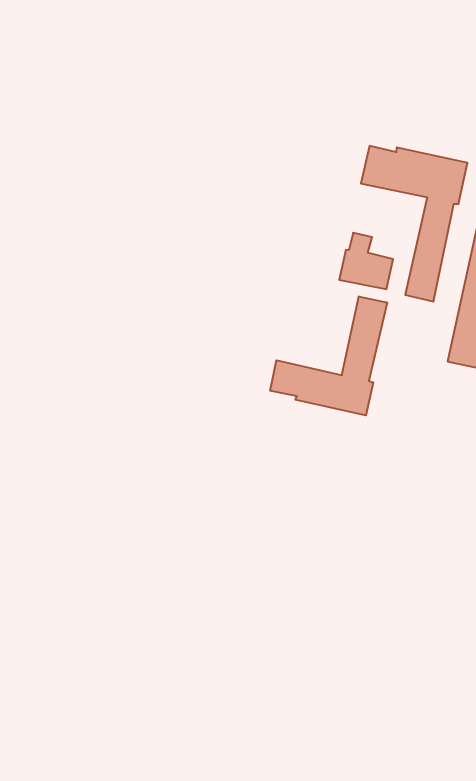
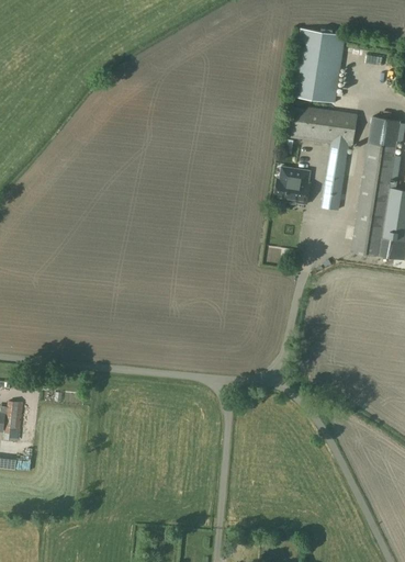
building: none -> [290,29,345,102]
building: [270,296,387,415] -> none

